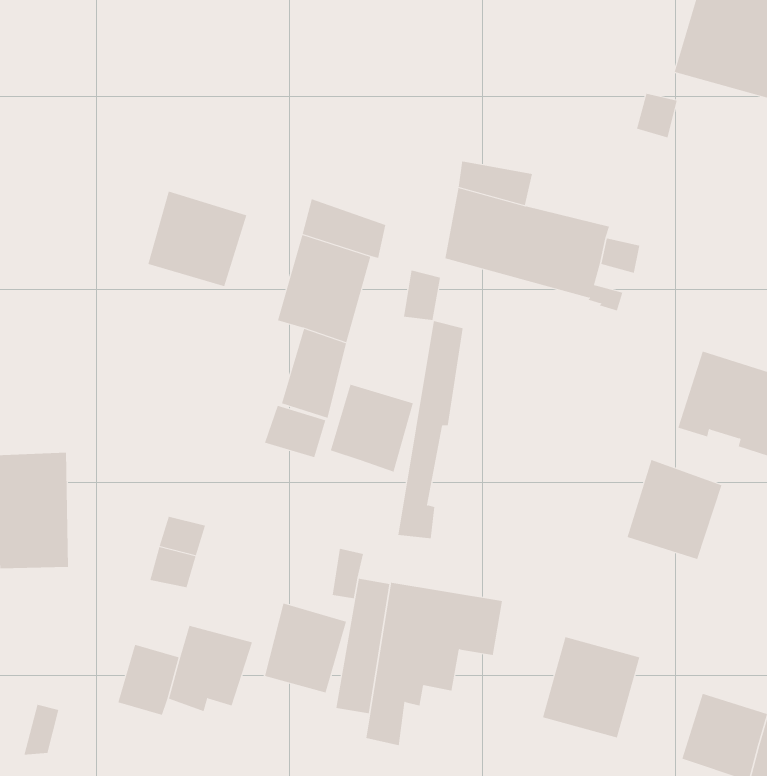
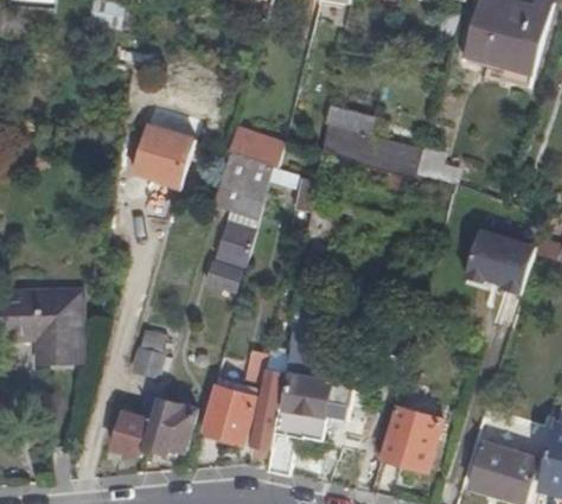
building: [330,384,414,473] -> none
building: [627,459,722,560] -> none

